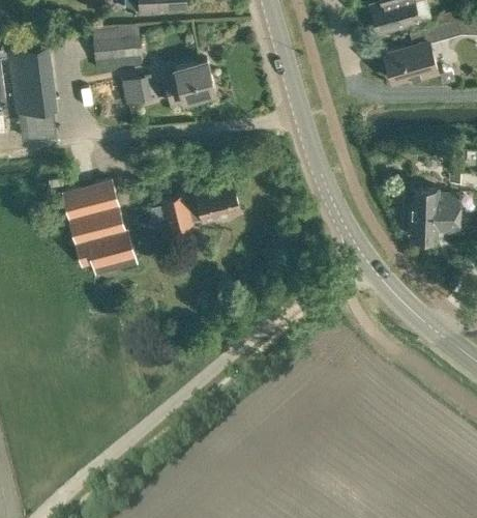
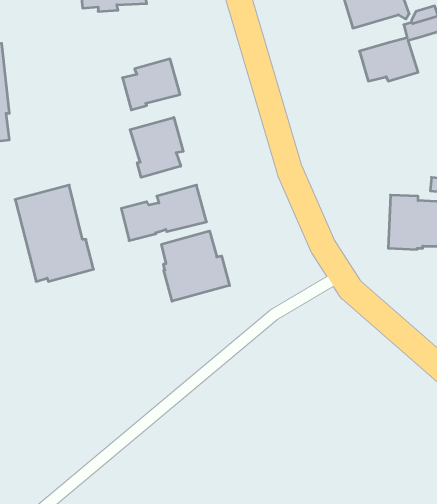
building: [92,33,141,71] -> none
building: [132,77,159,103] -> none
building: none -> [130,117,183,177]
building: none -> [162,231,230,301]

